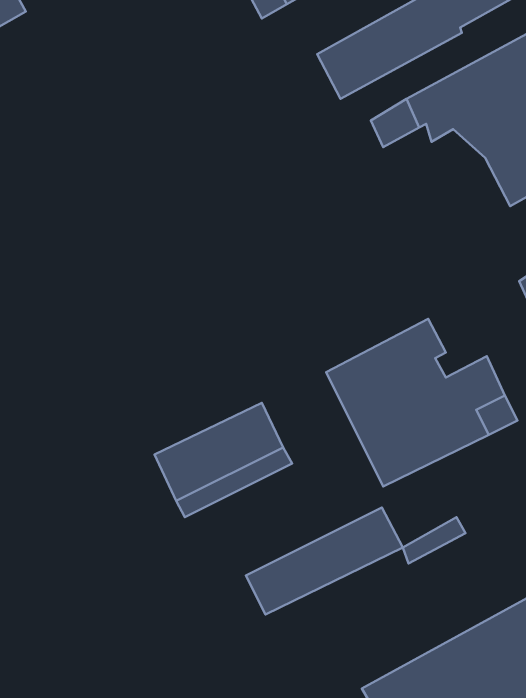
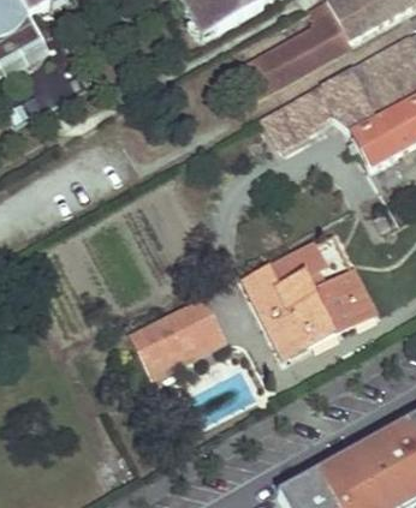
building: [246,507,403,615] -> none

